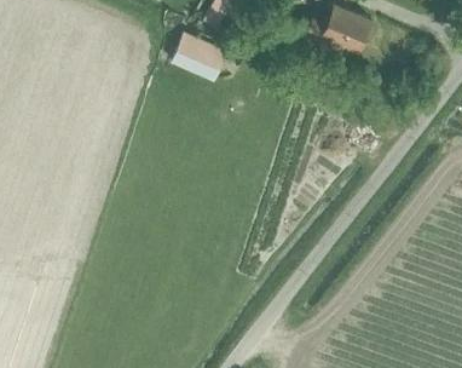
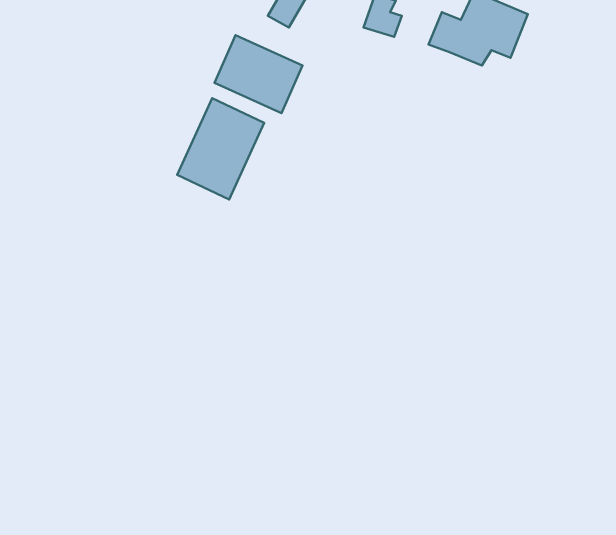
building: none -> [177,98,264,199]

